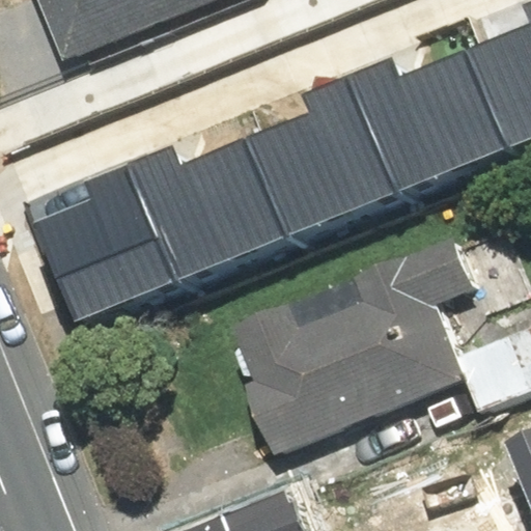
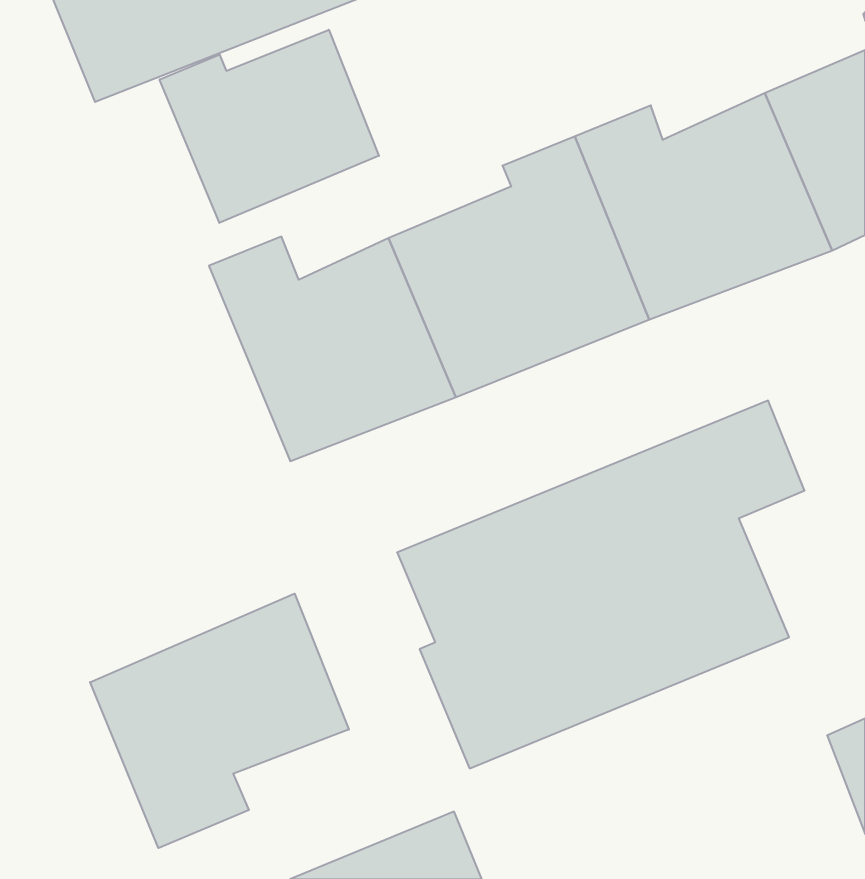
building: none -> [160,30,379,223]
building: [38,160,174,316] -> none
building: none -> [90,594,349,848]

